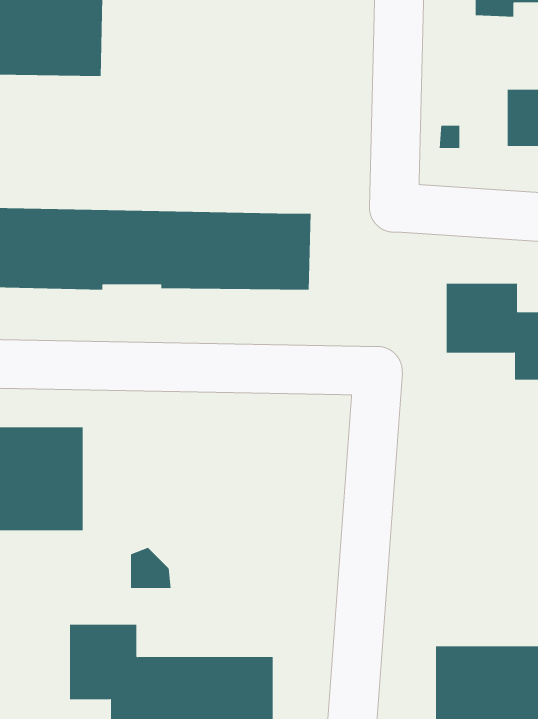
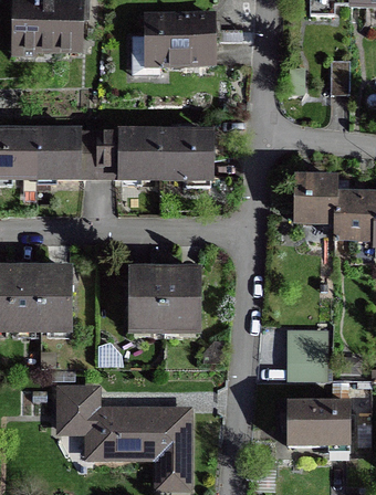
building: none -> [149,13,213,63]
building: none -> [132,266,198,329]
building: none -> [288,327,328,381]

